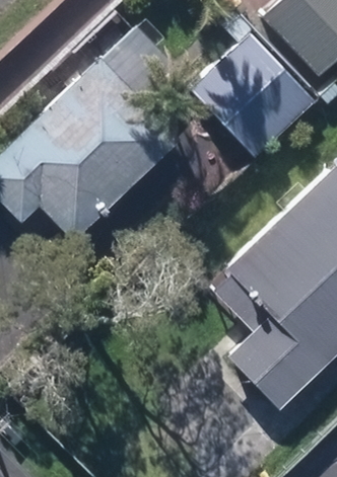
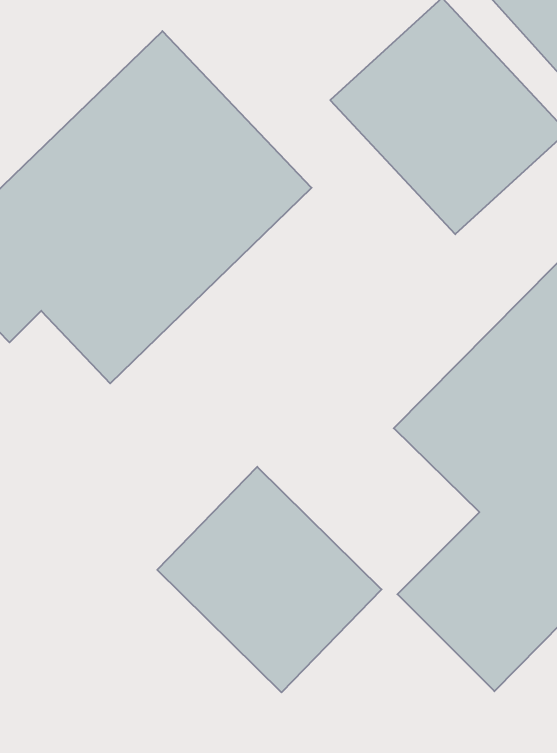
building: none -> [157,467,382,692]

